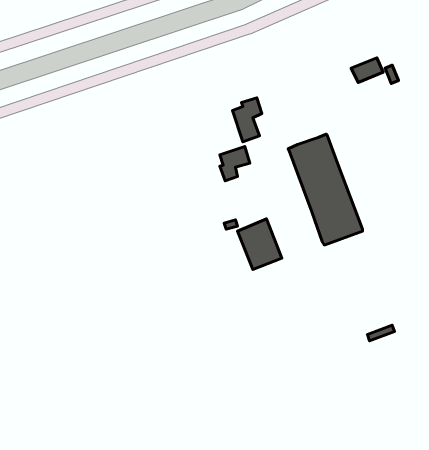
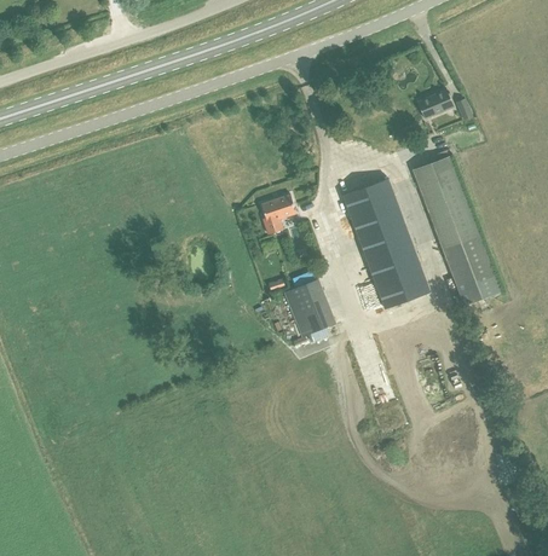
building: [232,98,262,142] -> none
building: none -> [413,156,500,306]

